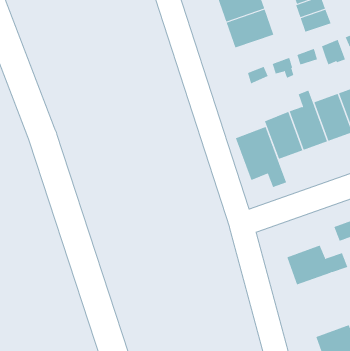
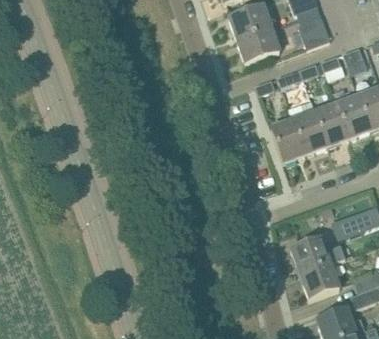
building: [235,126,287,188] -> none
building: none -> [300,262,340,298]

